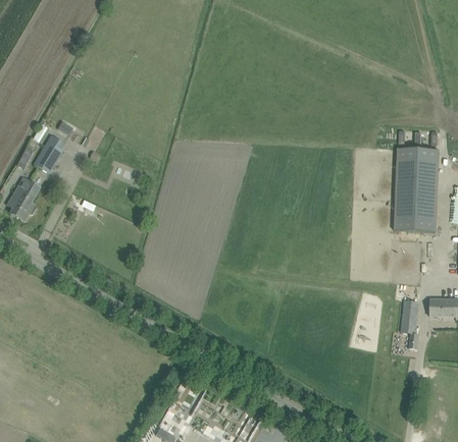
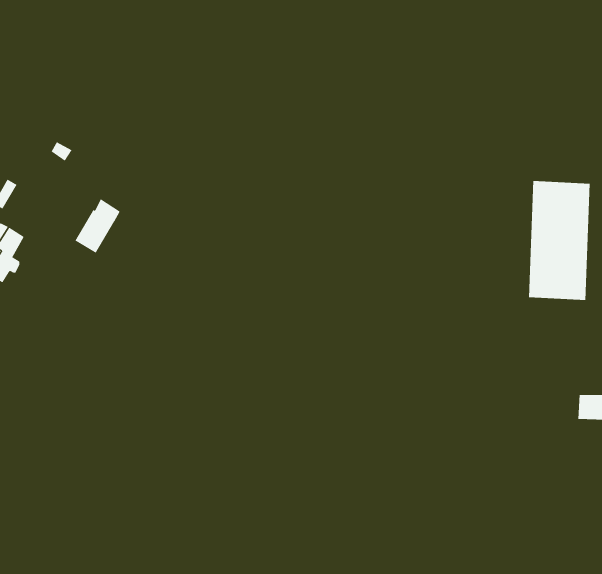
building: [33,133,65,172] -> [74,199,121,254]
building: [402,300,419,348] -> none

